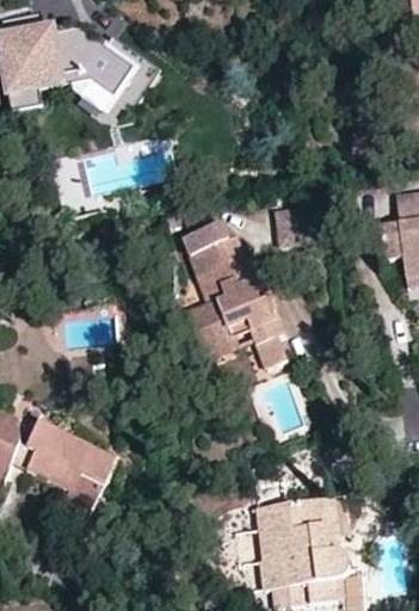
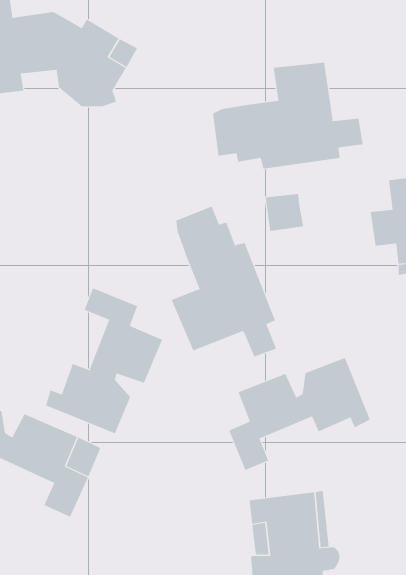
building: none -> [212,62,363,169]
building: none -> [45,288,163,434]
building: none -> [228,357,371,471]

